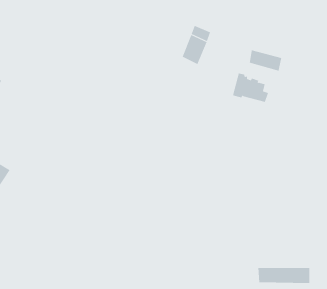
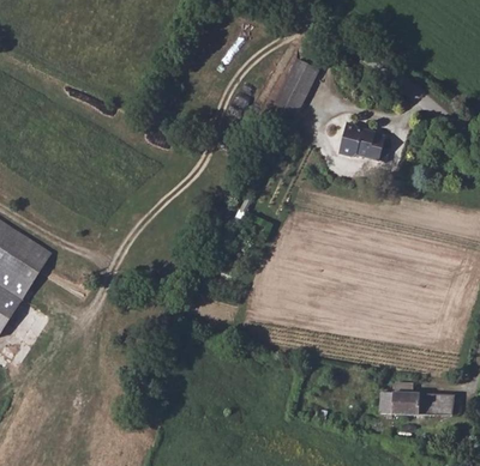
building: [249,49,282,72] -> none

